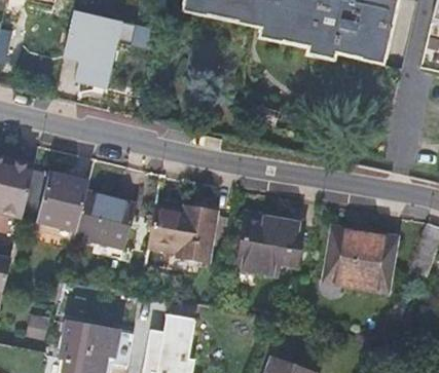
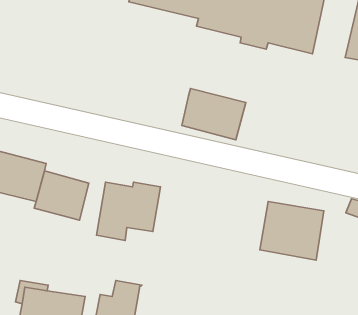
building: [64,11,137,89] -> none
building: none -> [182,89,246,140]
building: [237,214,301,274] -> none

